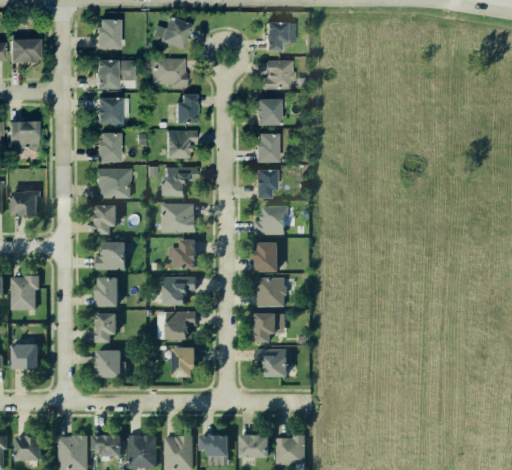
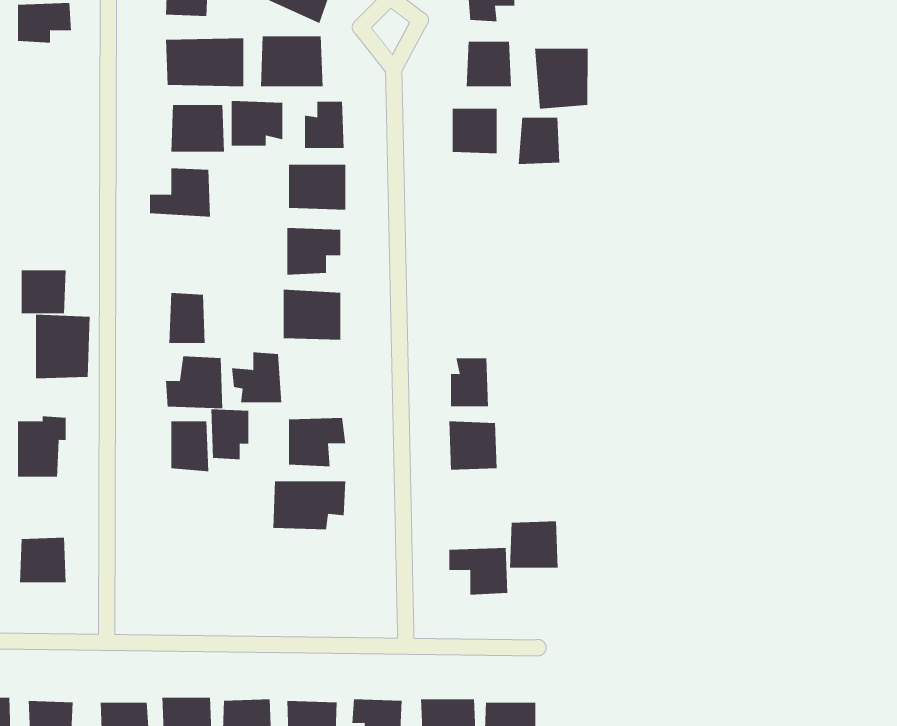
building: none -> [534,48,588,109]
building: none -> [231,100,283,147]
building: [9,122,37,160] -> none
building: [254,135,278,162] -> [518,117,560,165]
building: [96,168,128,196] -> none
building: [256,168,278,198] -> none
building: [251,206,284,232] -> none
building: none -> [36,314,90,379]
building: [168,237,197,266] -> [231,352,282,403]
building: [96,312,118,341] -> [210,409,249,460]
building: [255,313,283,340] -> [509,521,558,568]
building: [172,347,196,374] -> none
building: [97,349,123,375] -> none

